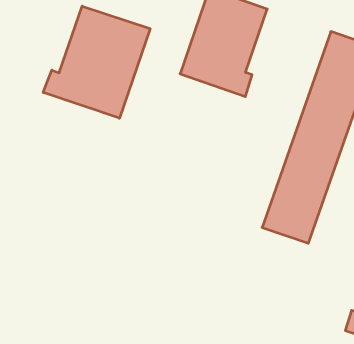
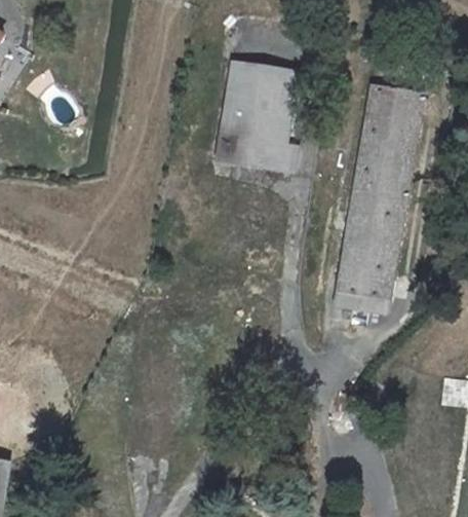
building: [43,6,150,118] -> none

